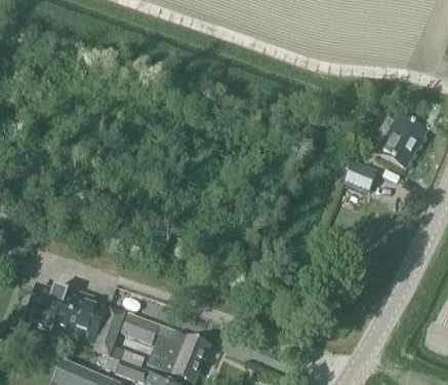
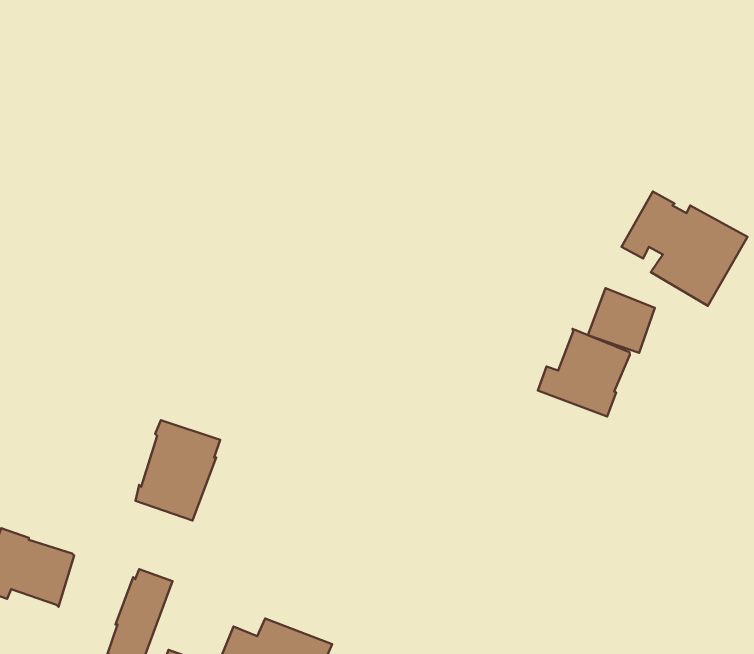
building: none -> [538,329,630,417]
building: [65,291,109,343] -> [135,420,220,520]
building: [121,313,159,344] -> none

